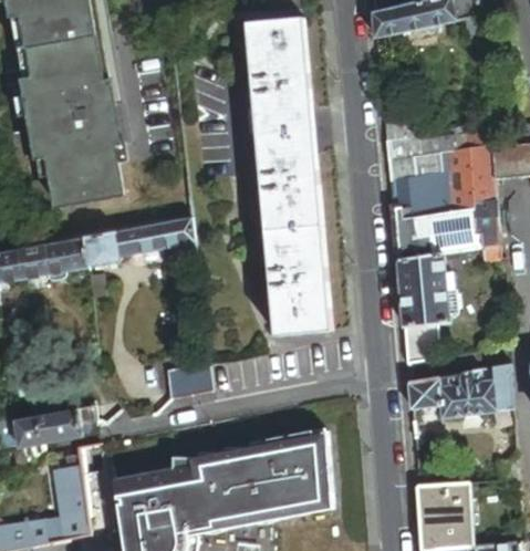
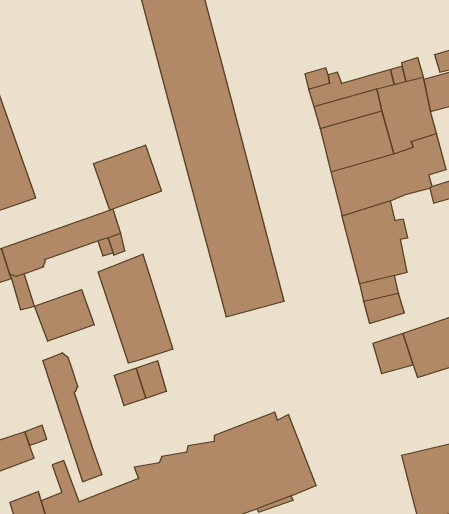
building: none -> [93,145,161,210]
building: none -> [98,254,173,363]
building: none -> [34,290,94,341]
building: none -> [43,353,102,482]

